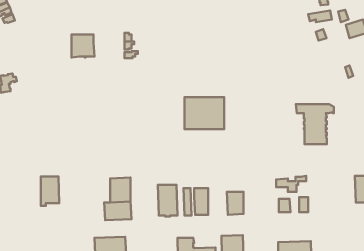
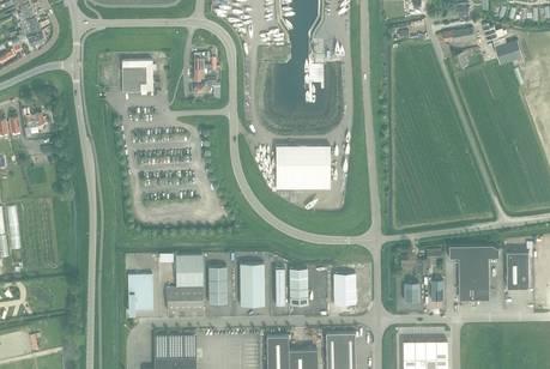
building: [296,104,334,144] -> [447,246,498,300]
building: [41,177,59,206] -> [127,274,152,314]
building: none -> [207,266,226,303]

